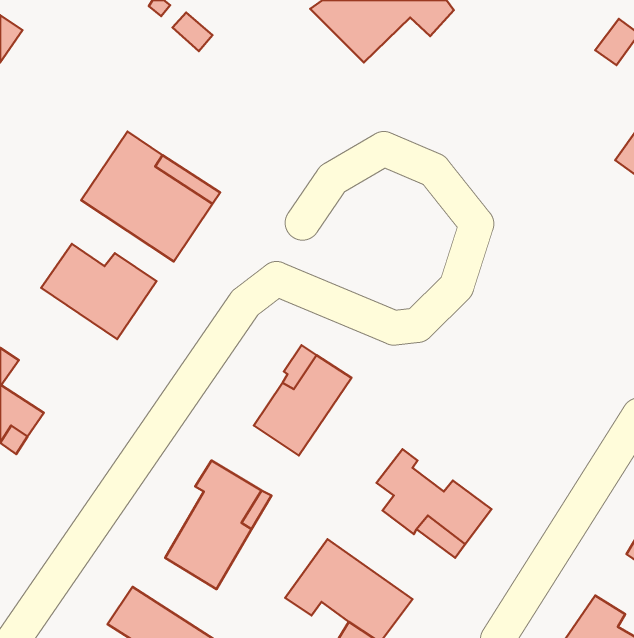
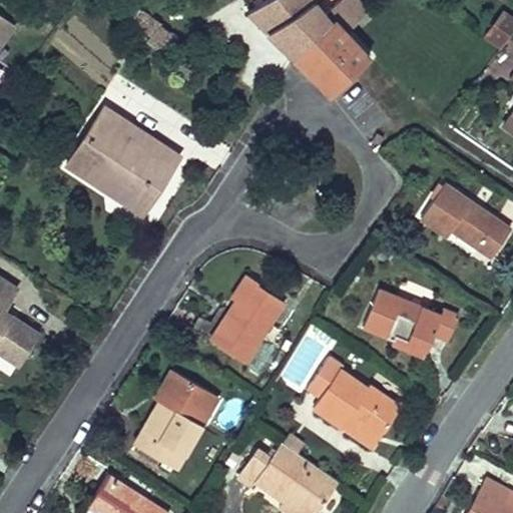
building: none -> [296,15,388,109]
building: none -> [416,186,506,258]
building: [41,244,157,339] -> none
building: none -> [360,291,460,349]

